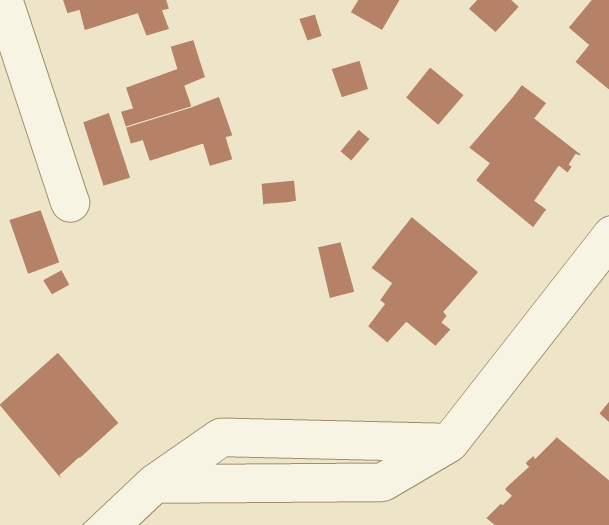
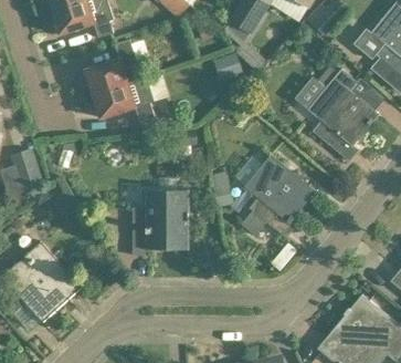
building: [405,67,464,126] -> none
building: [82,112,131,186] -> none
building: none -> [133,191,188,256]

